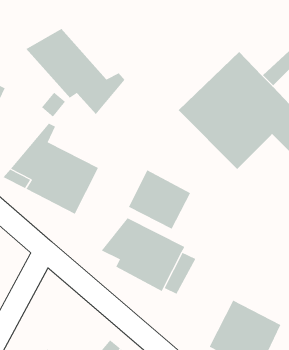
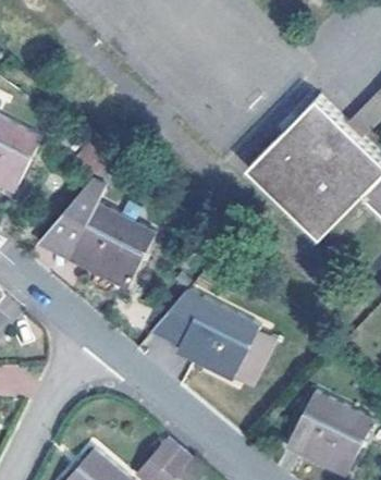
building: [25,28,125,115] -> none
building: [128,169,191,230] -> none

